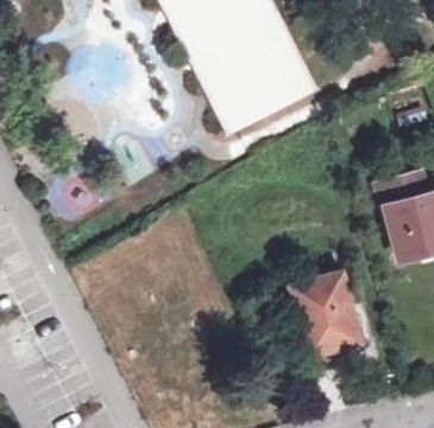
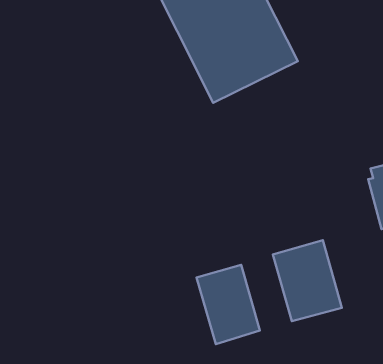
building: none -> [196,265,260,344]

